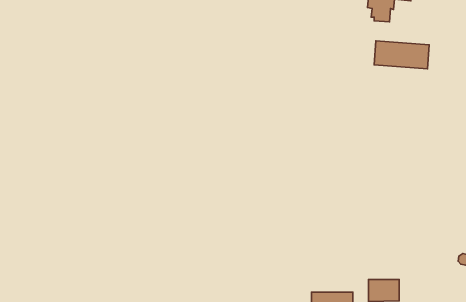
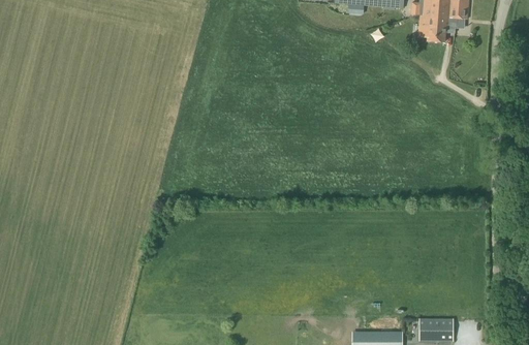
building: [374,41,429,69] -> none

